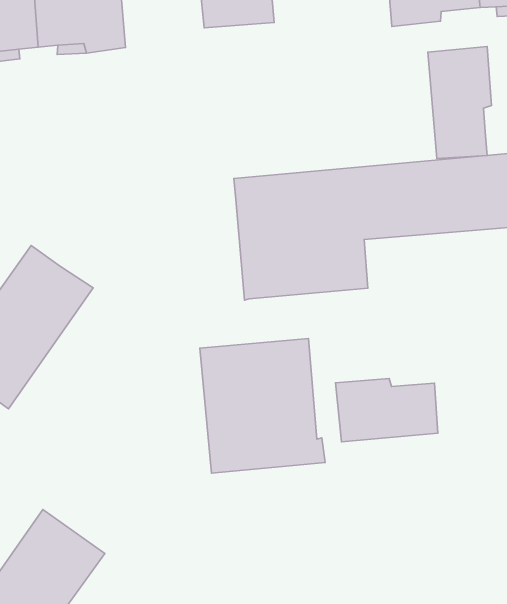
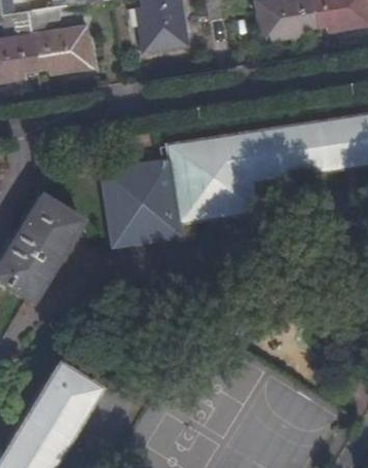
building: [428,46,492,158] -> none
building: [200,339,325,473] -> [100,159,184,249]
building: [335,379,438,442] -> none

